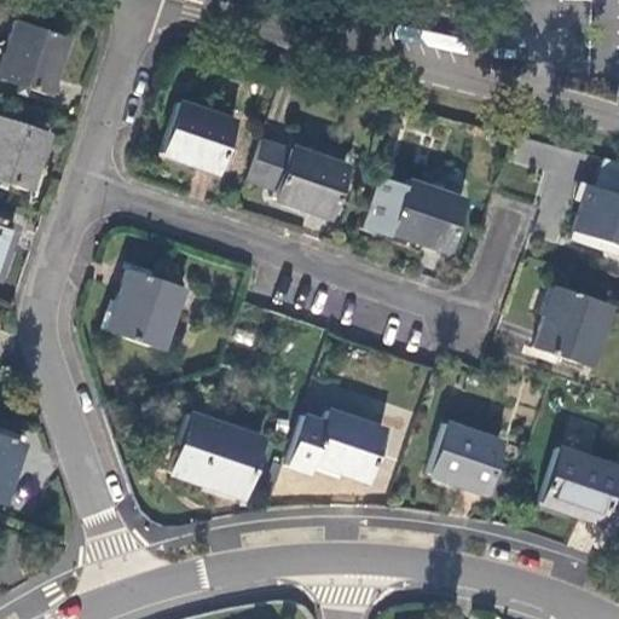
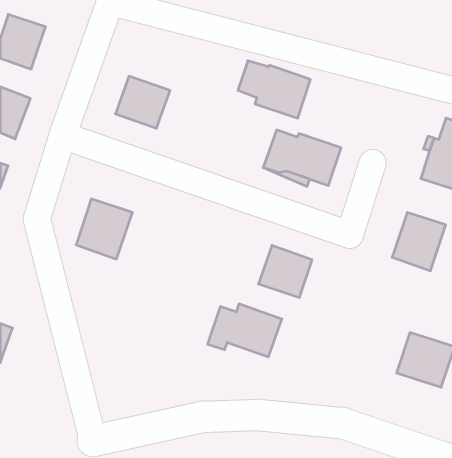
building: [251,139,349,216] -> [238,61,310,118]
building: [172,412,266,497] -> none
building: [429,422,502,492] -> [258,245,312,297]

